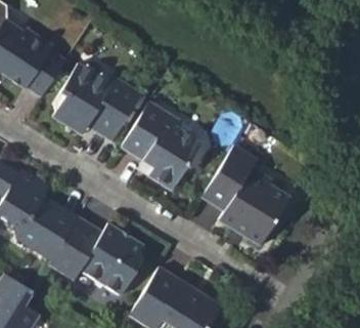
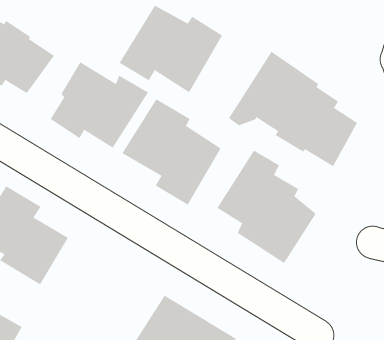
building: none -> [119,5,223,93]
building: none -> [228,51,358,167]
building: [48,218,150,297] -> none

